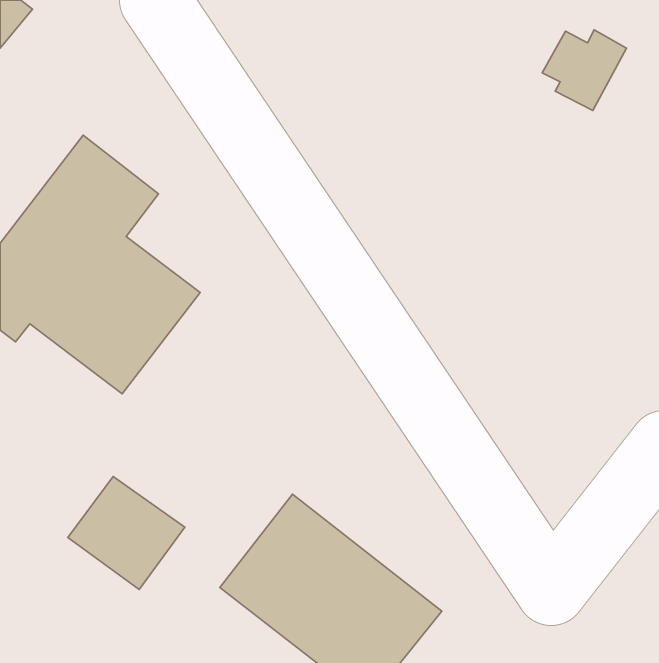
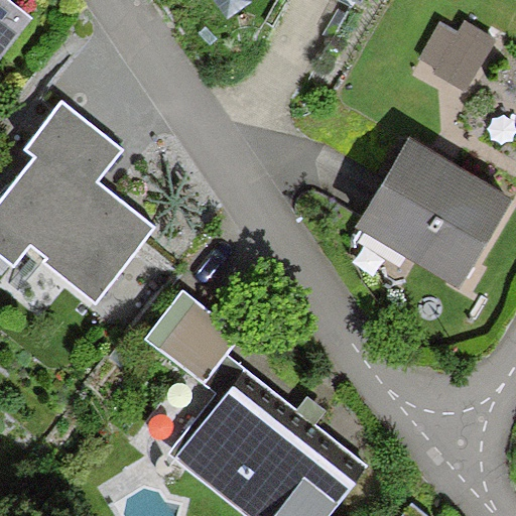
building: none -> [356,137,503,279]
building: [68,477,185,590] -> [142,300,233,388]

